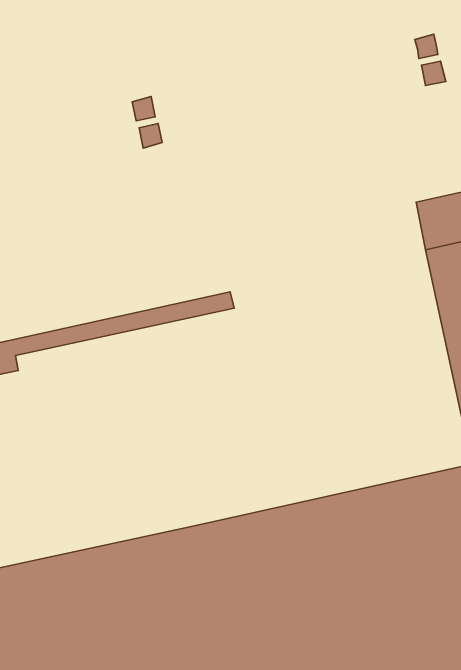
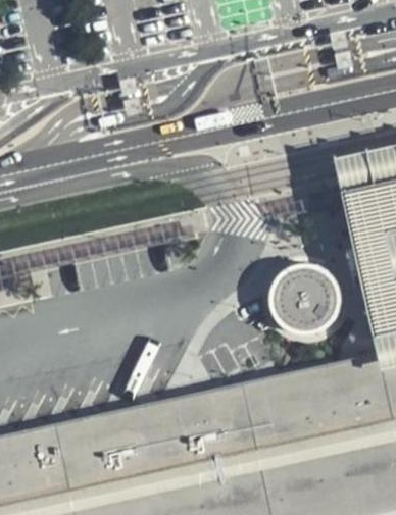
building: none -> [273,264,344,337]

